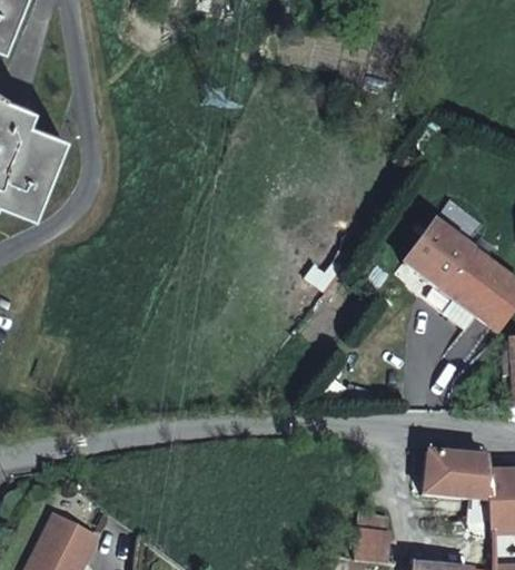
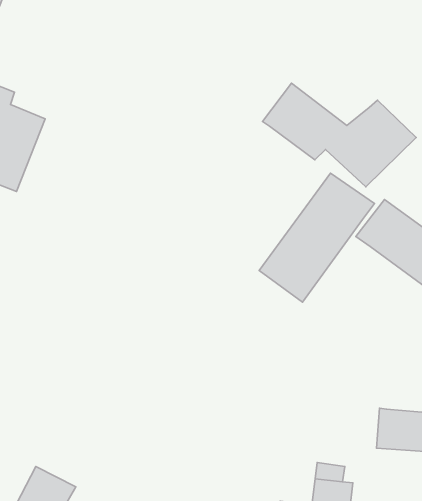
building: none -> [262,83,416,187]
building: none -> [259,173,375,302]

